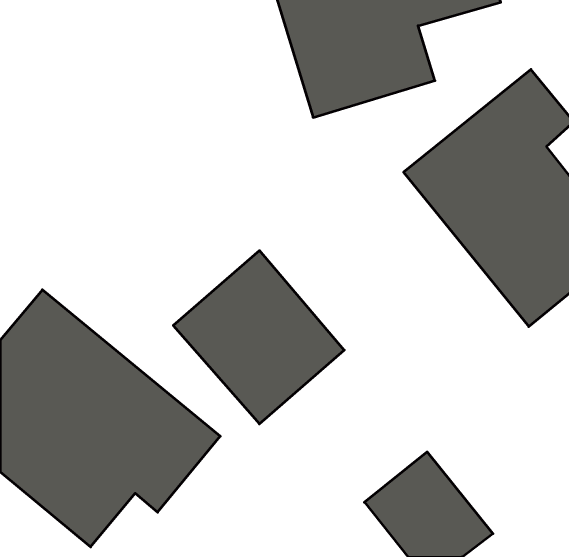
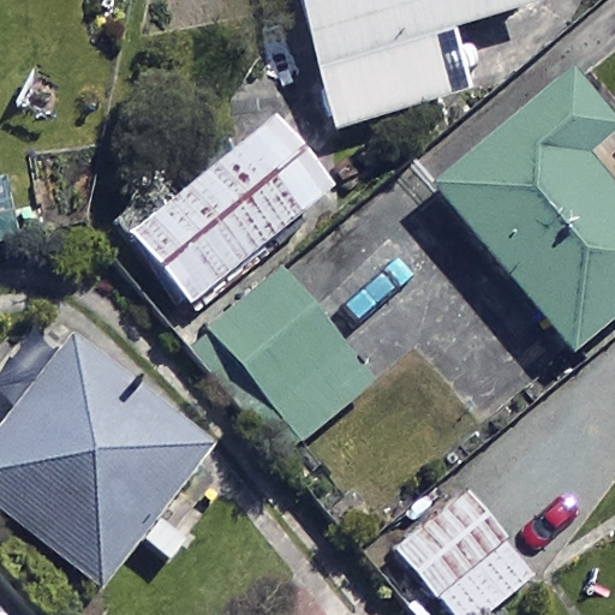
building: none -> [129,109,336,303]

